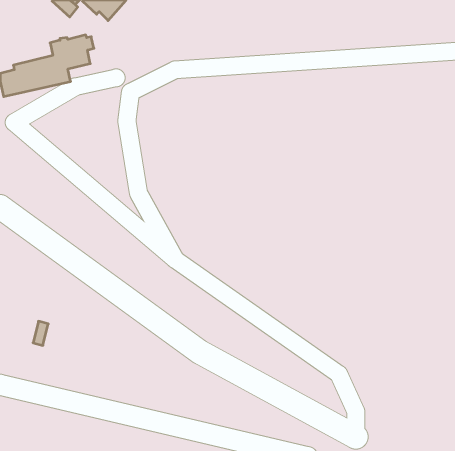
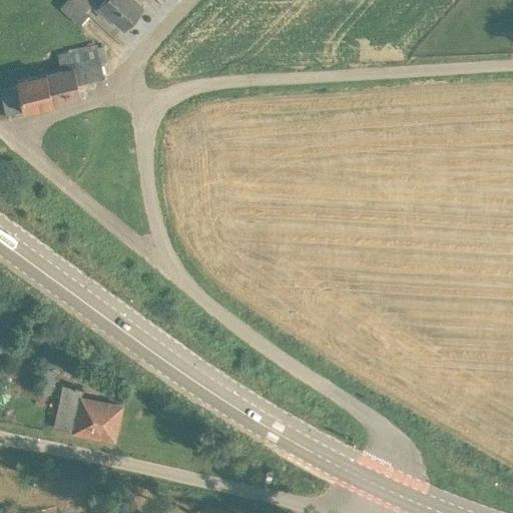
building: none -> [54,385,121,440]

